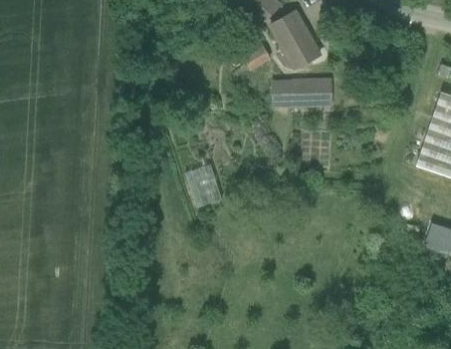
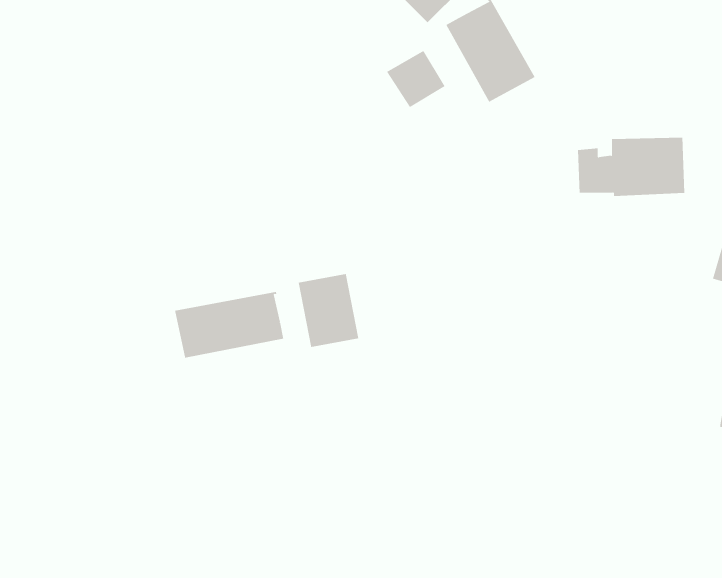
building: [271,75,331,108] -> [577,137,685,197]
building: none -> [175,291,284,358]

